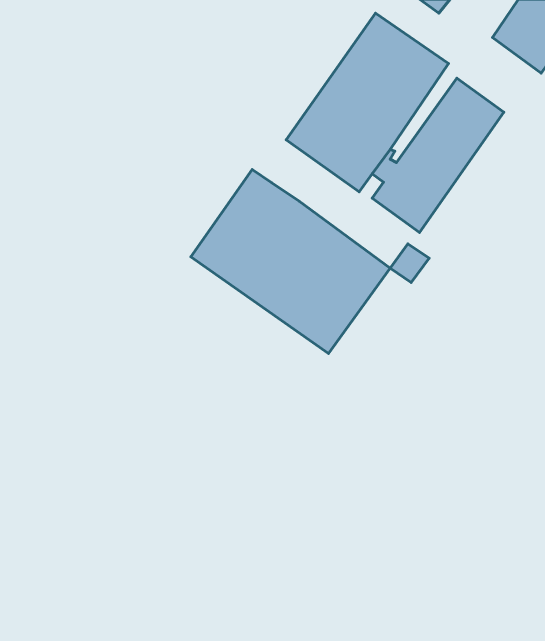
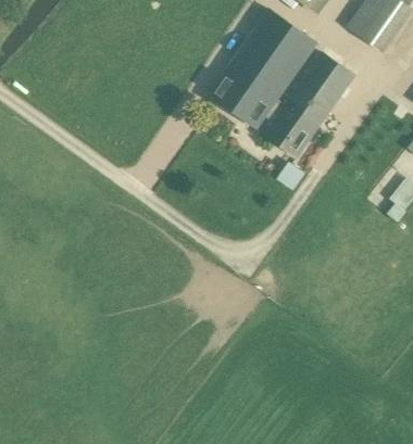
building: [191,169,390,354] -> none

